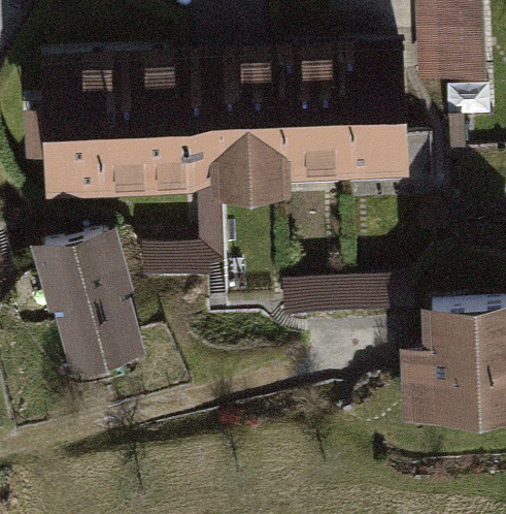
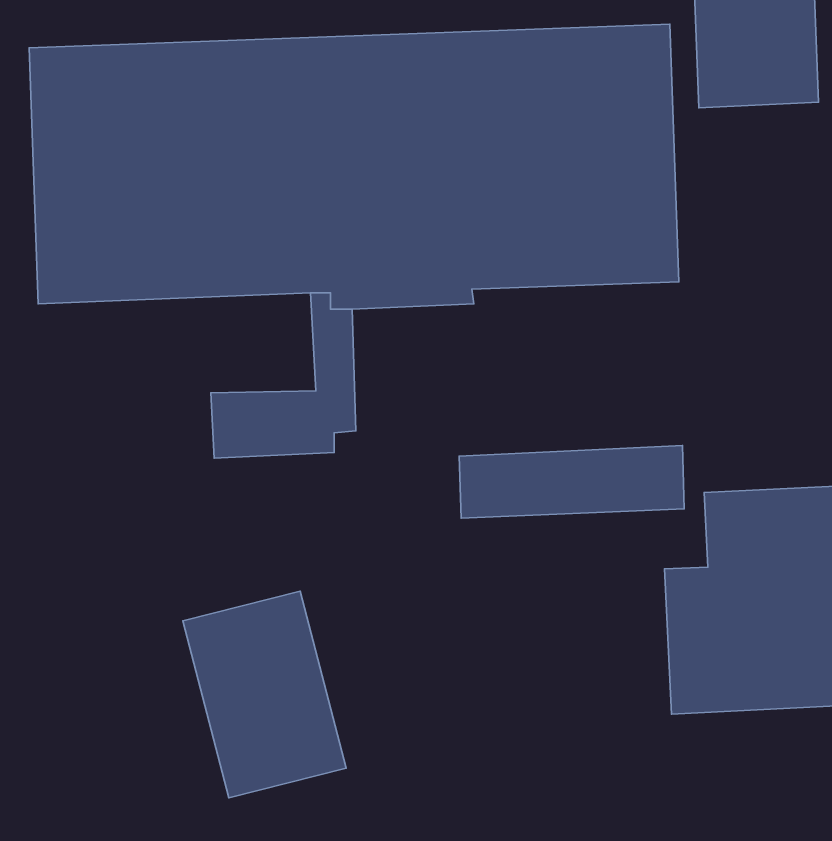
building: [30,226,146,382] -> none
building: none -> [183,591,346,798]

